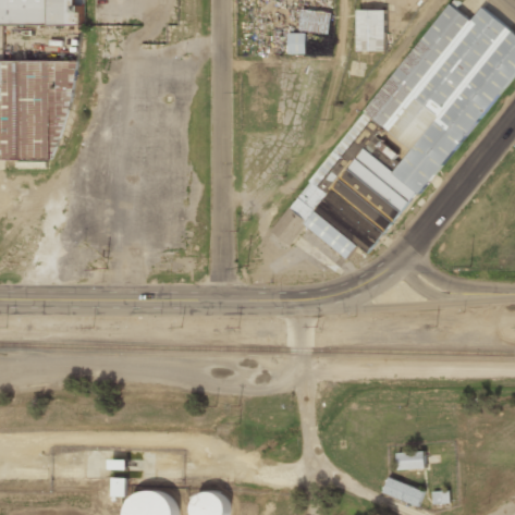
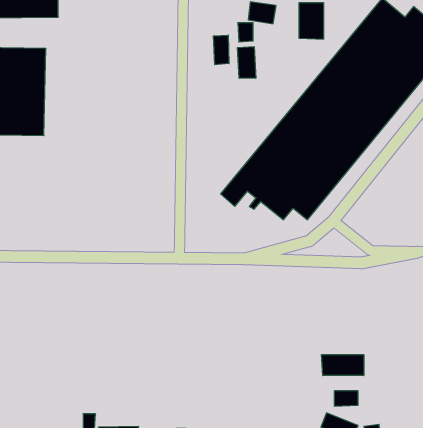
building: none -> [213,35,229,65]
building: none -> [238,47,256,78]
building: none -> [322,355,364,376]

